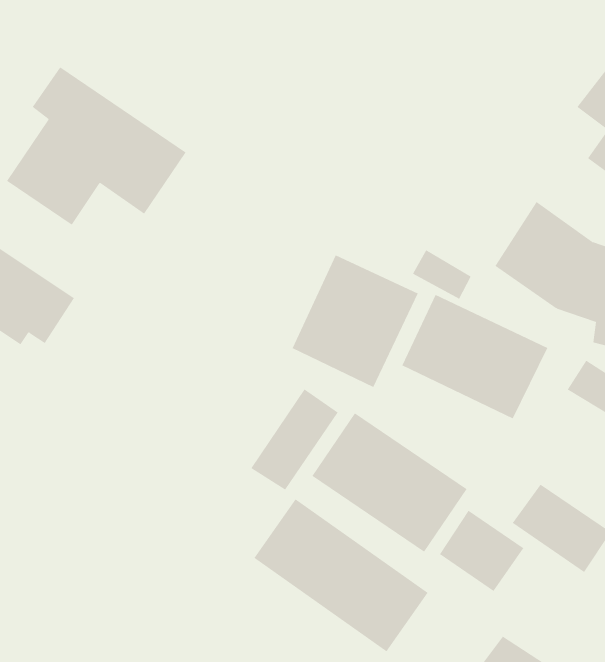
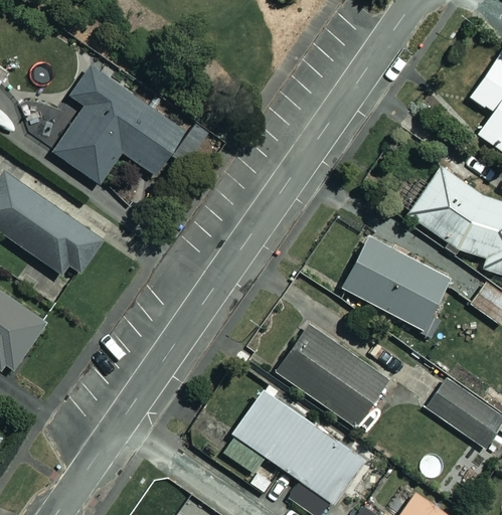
building: [292,255,419,388] -> none
building: [250,388,339,490] -> none
building: [439,510,524,592] -> none

